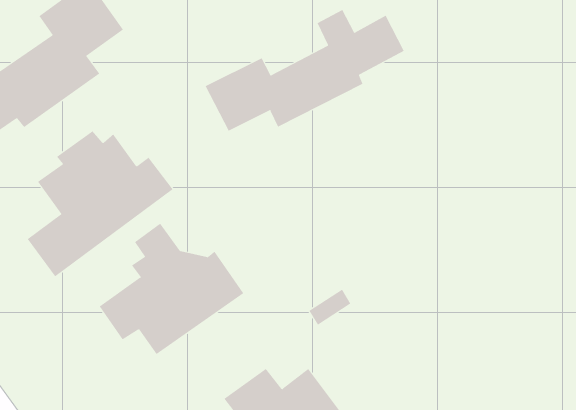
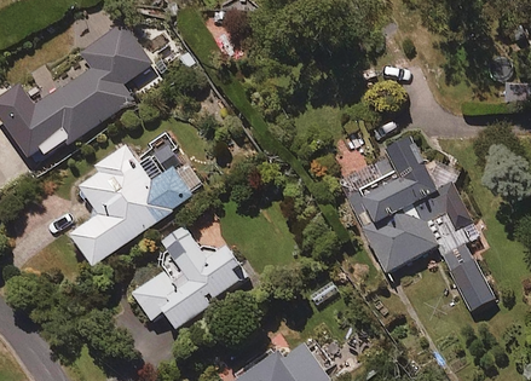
building: [205,9,405,132] -> none
building: none -> [337,139,495,312]

